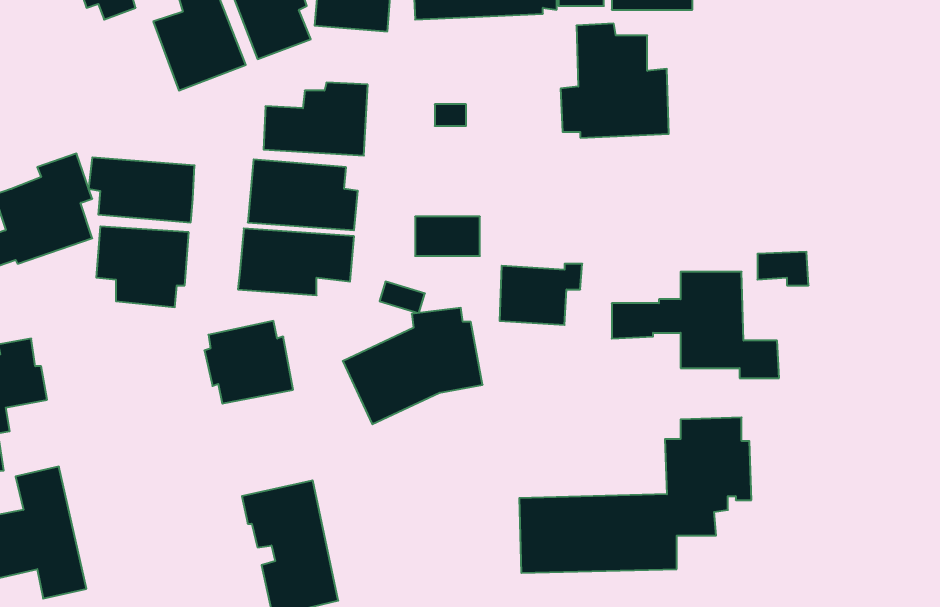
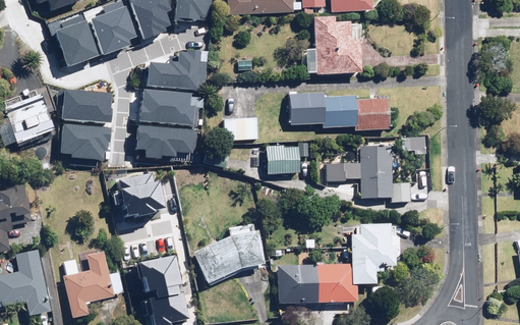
building: none -> [54,18,97,64]
building: none -> [292,93,393,129]
building: [343,308,483,424] -> [195,224,268,284]
building: none -> [63,251,125,316]

